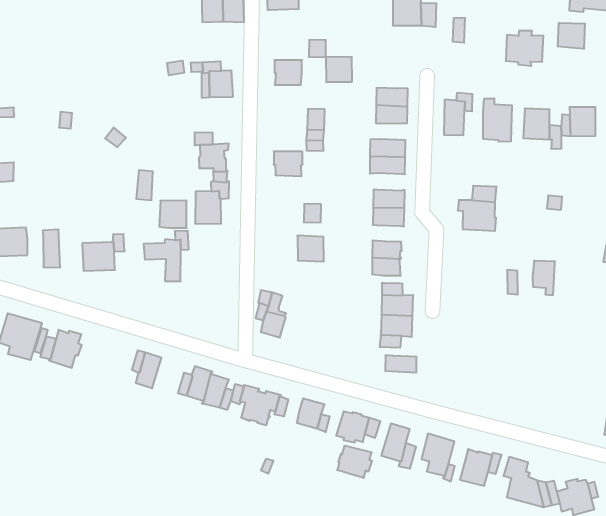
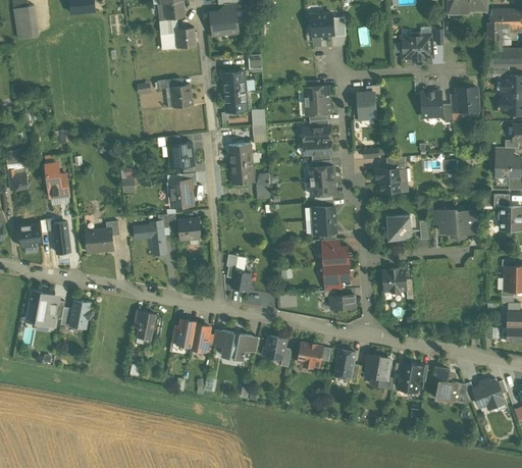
building: [558,23,585,49] -> none
building: [326,57,352,82] -> [223,91,246,112]
building: [483,98,512,142] -> none
building: none -> [45,163,67,197]
building: [159,201,187,228] -> [177,217,200,240]
building: [297,236,324,262] -> [230,162,253,183]
building: none -> [385,215,411,240]
building: none -> [455,210,472,239]
building: none -> [381,268,405,292]
building: [337,446,372,478] -> none

